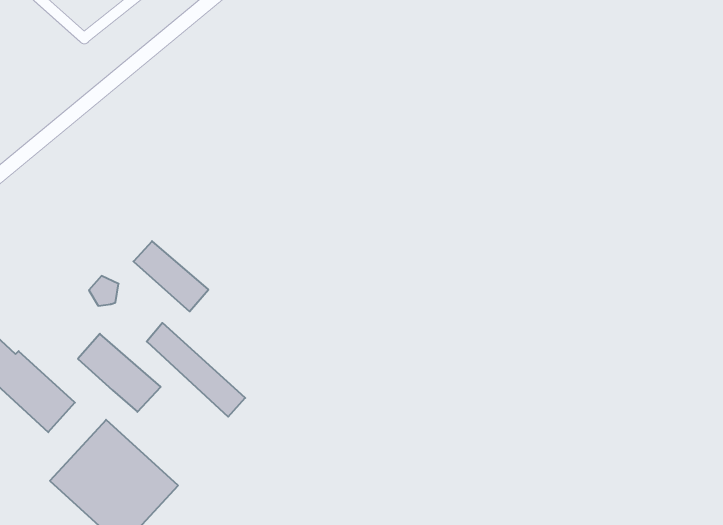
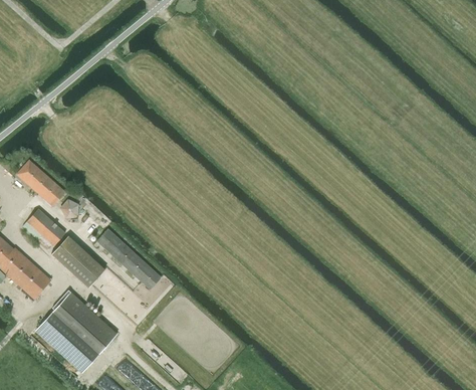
building: [133,241,208,311] -> [17,161,65,206]
building: none -> [27,209,65,245]

